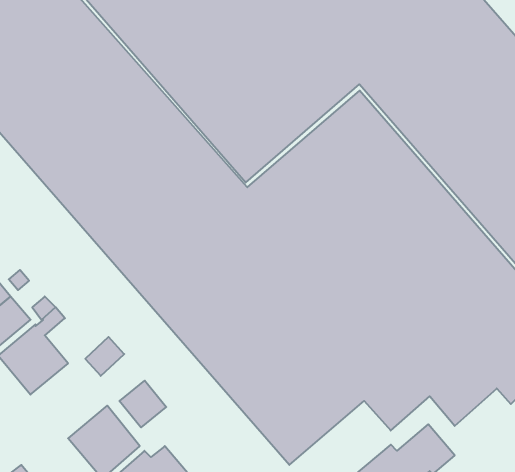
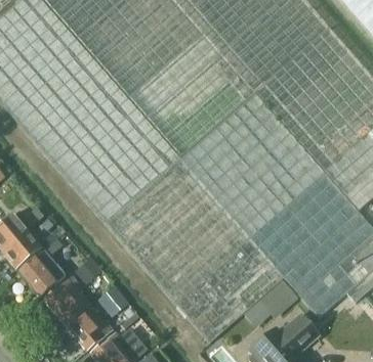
building: none -> [43,278,90,324]

